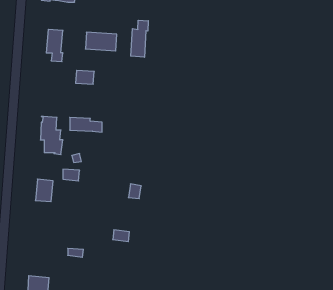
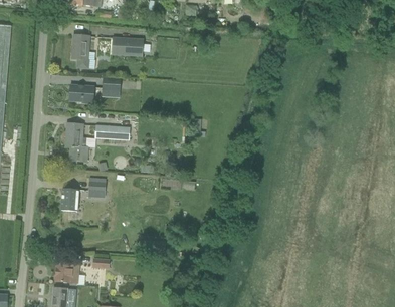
building: [131,20,148,57] -> none
building: none -> [67,84,93,103]
building: none -> [55,262,78,283]

